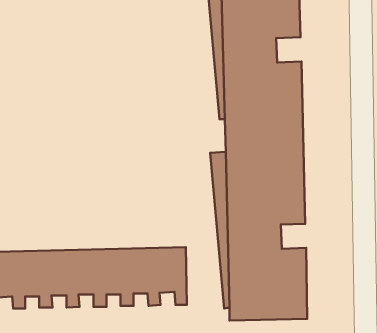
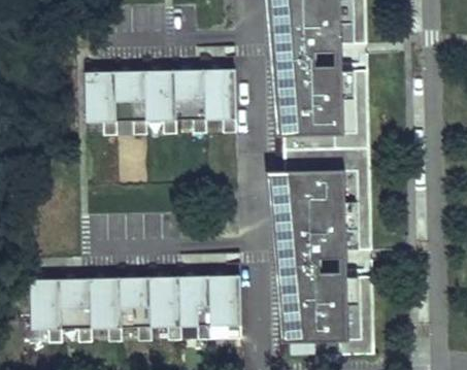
building: none -> [85,68,235,135]

